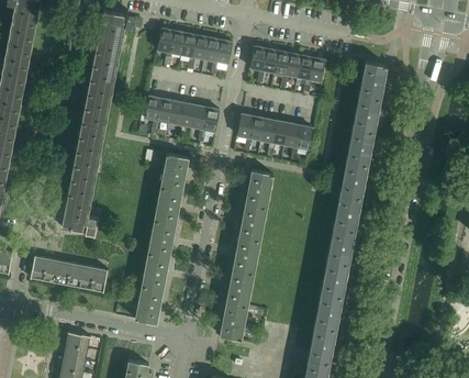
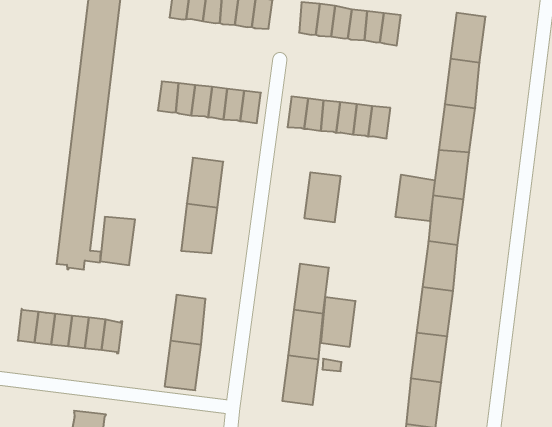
building: none -> [396,175,435,221]
building: [239,204,267,242] -> [321,297,356,347]
building: [148,222,176,258] -> [100,217,135,265]

